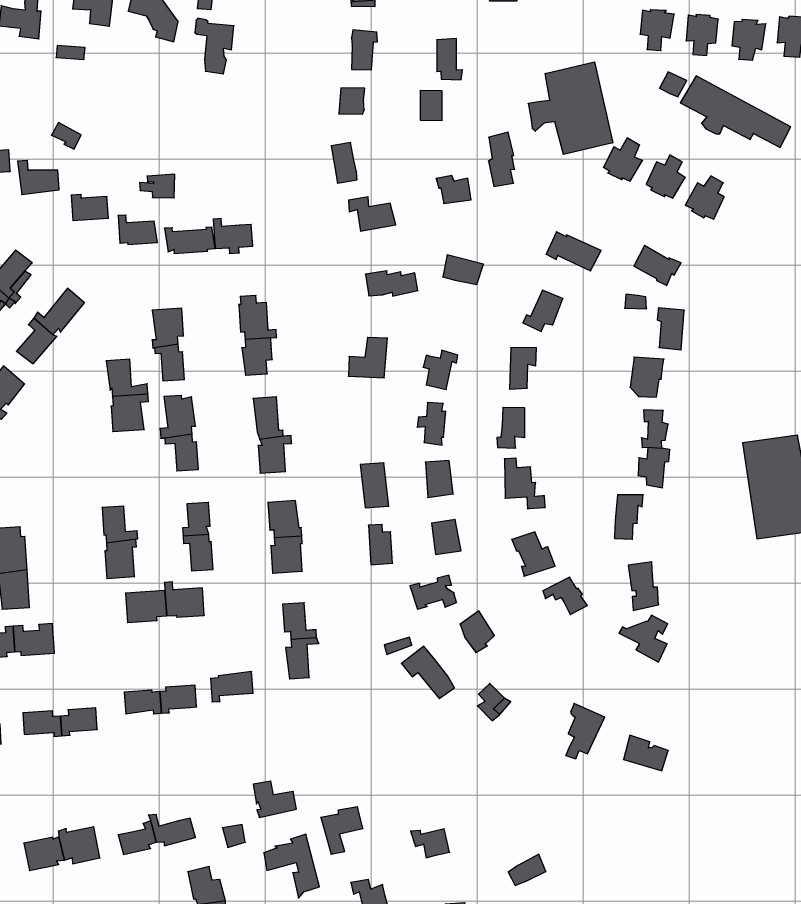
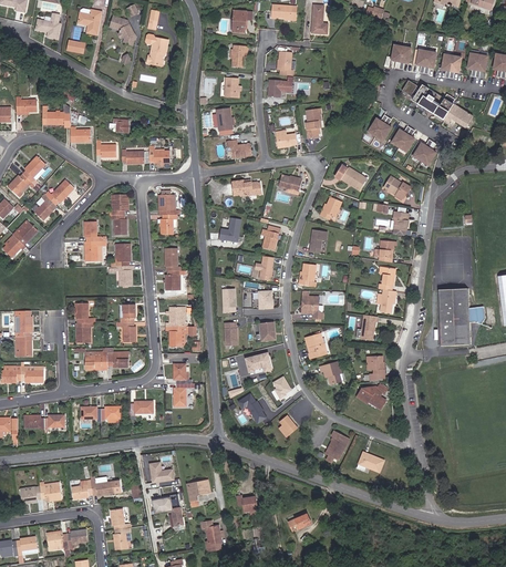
building: [528,62,613,154] -> none

